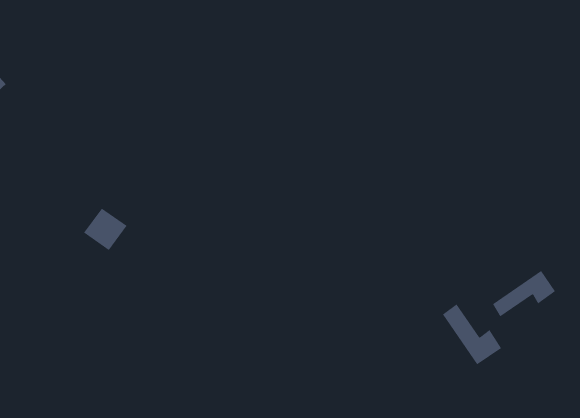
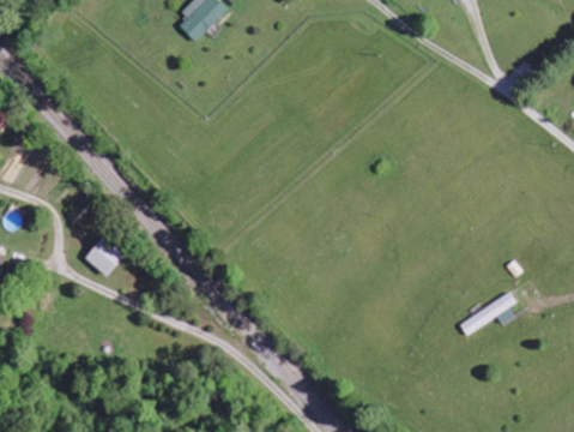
building: [442,303,502,365] -> none

